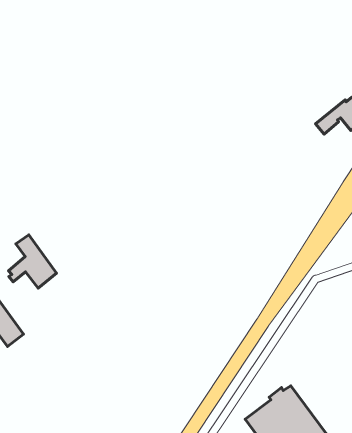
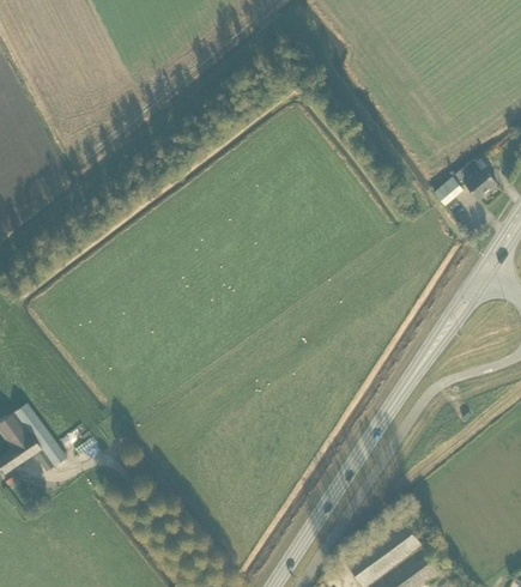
building: [9,235,57,288] -> none

